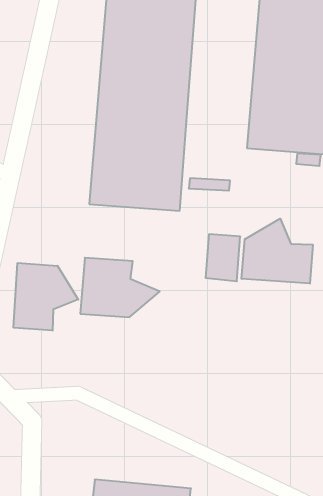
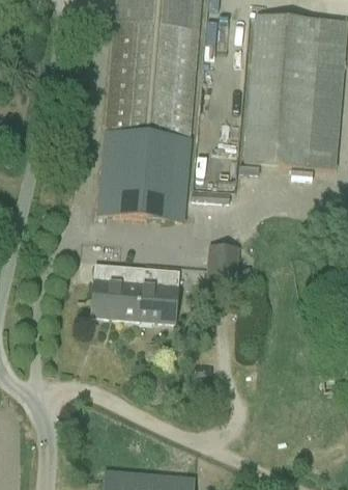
building: [242,219,313,284] -> none
building: none -> [136,267,178,322]
building: [14,263,78,331] -> none

